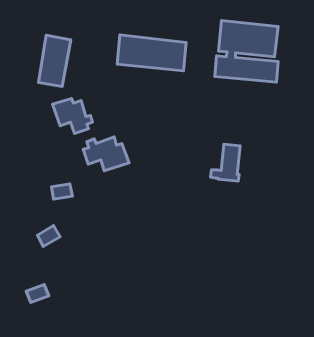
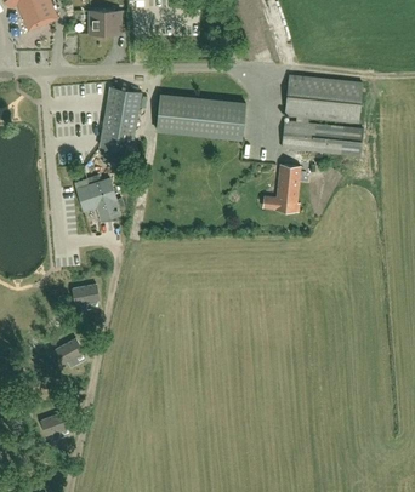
building: [38,35,71,86] -> [100,87,141,153]
building: [83,137,129,171] -> none
building: [211,144,240,181] -> [262,165,300,212]

